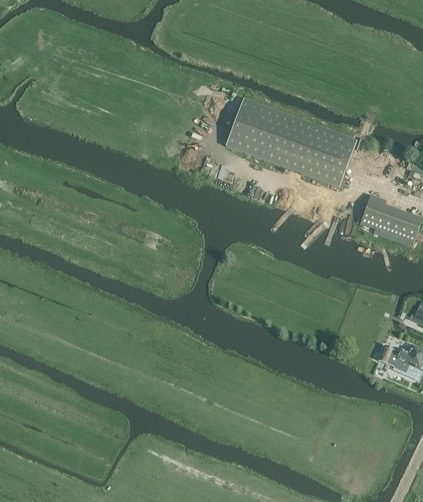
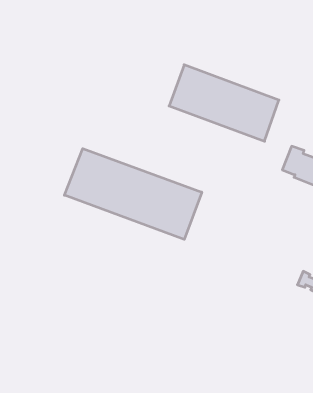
building: none -> [64,149,202,239]

